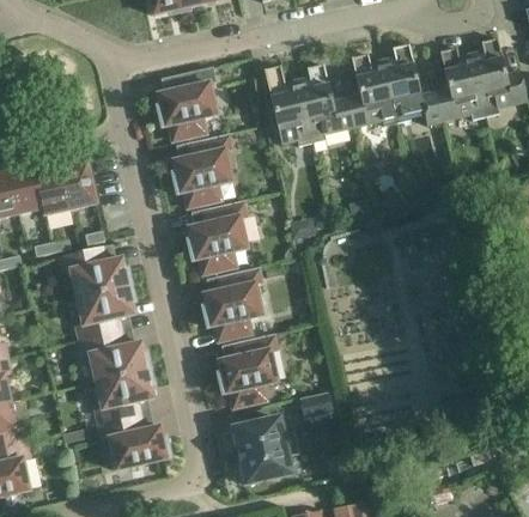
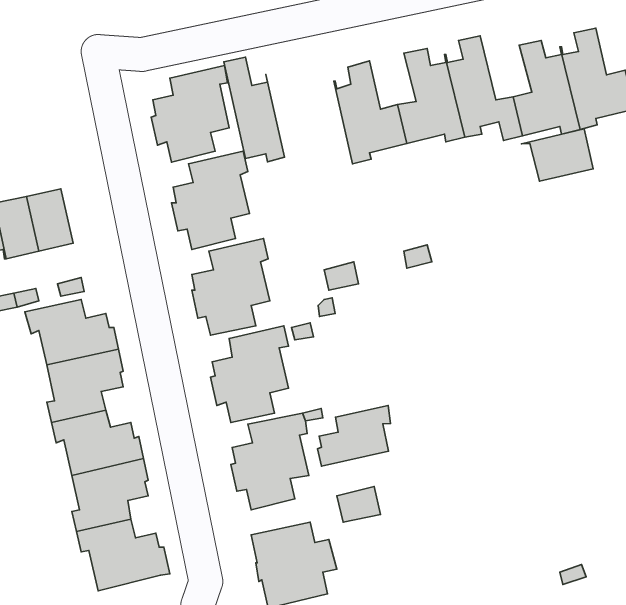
building: [264,66,311,146] -> [224,57,285,162]
building: none -> [522,129,593,181]
building: none -> [318,406,391,466]

